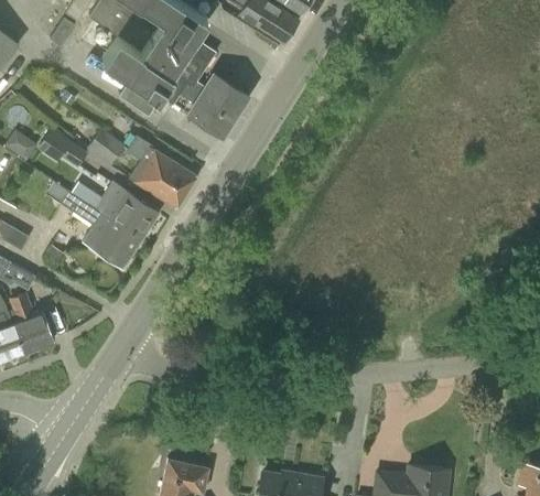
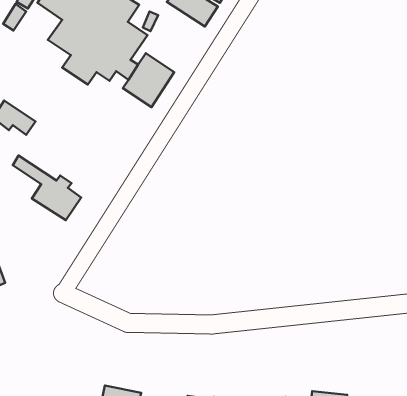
building: [87,129,123,166] -> none
building: [126,136,197,209] -> none
building: [67,182,159,241] -> none

